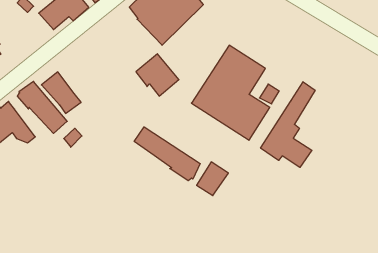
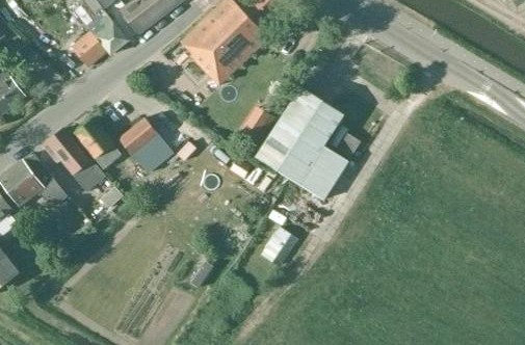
building: [136,54,179,96] -> [117,116,169,167]
building: [261,82,315,167] -> none
building: [134,127,200,181] -> none

